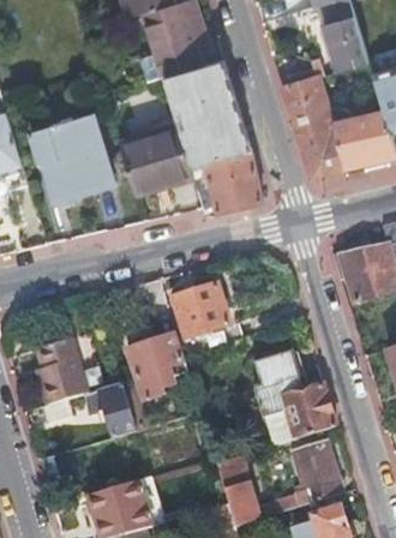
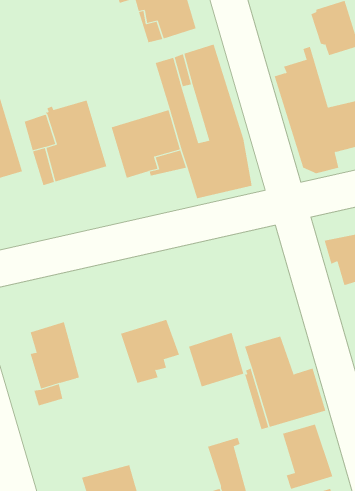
building: [173,285,229,340] -> [188,332,244,387]
building: [84,384,137,438] -> none

